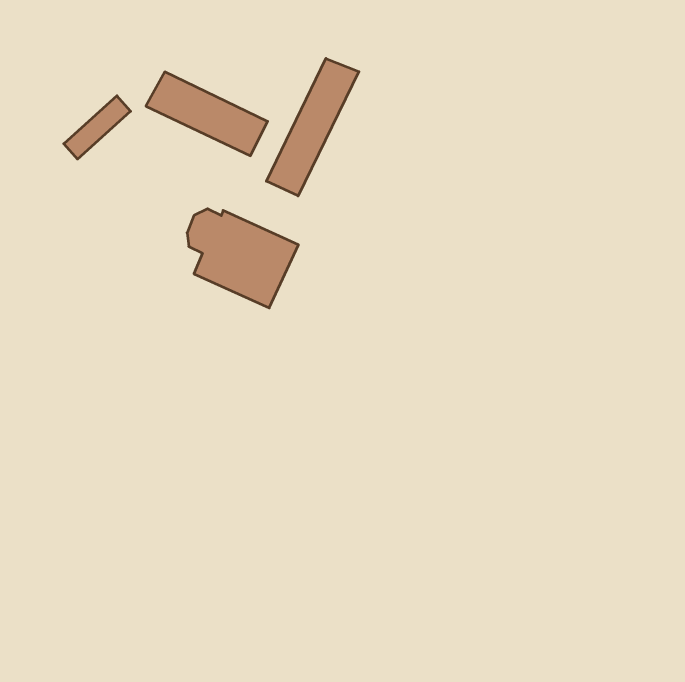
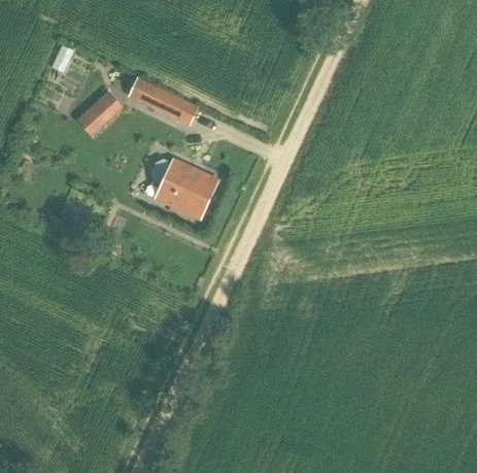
building: [266,58,359,196] -> none

